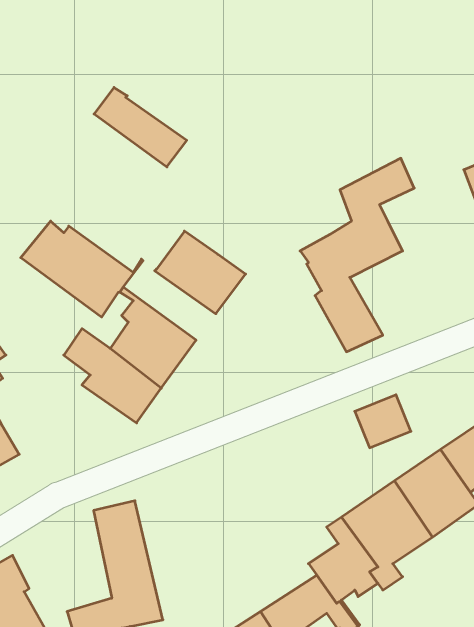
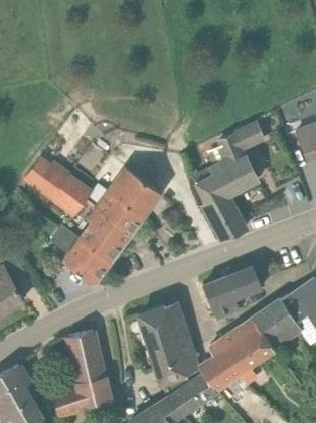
building: [94,87,187,167] -> [87,184,143,232]
building: none -> [203,275,236,320]
building: none -> [139,306,198,383]

